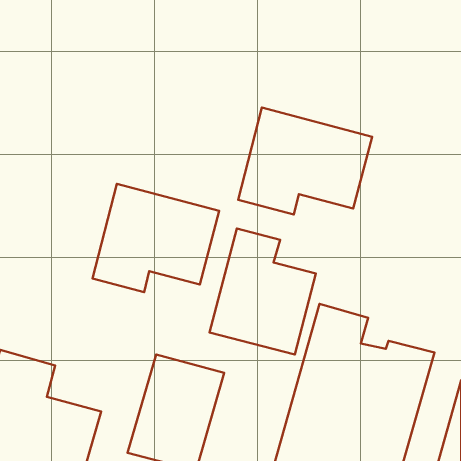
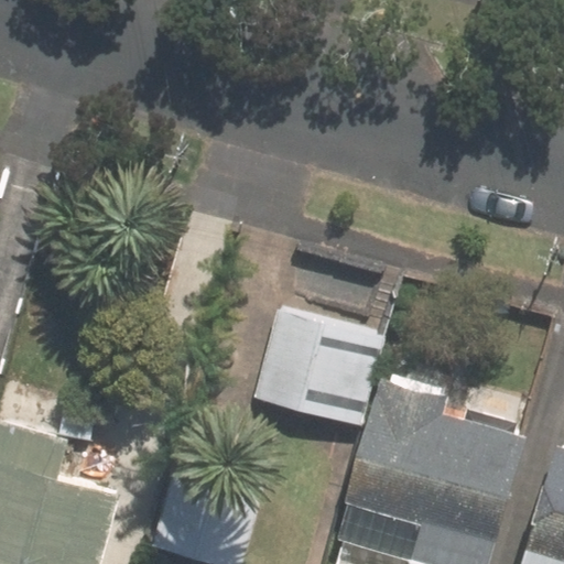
building: [238,108,372,215] -> none
building: [92,184,219,292] -> none

